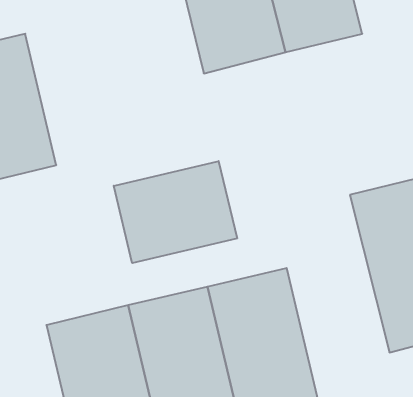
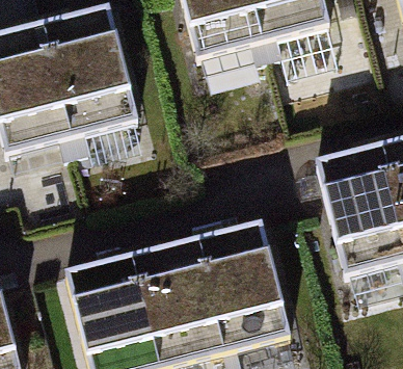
building: none -> [46,15,140,140]
building: [114,161,237,263] -> none

